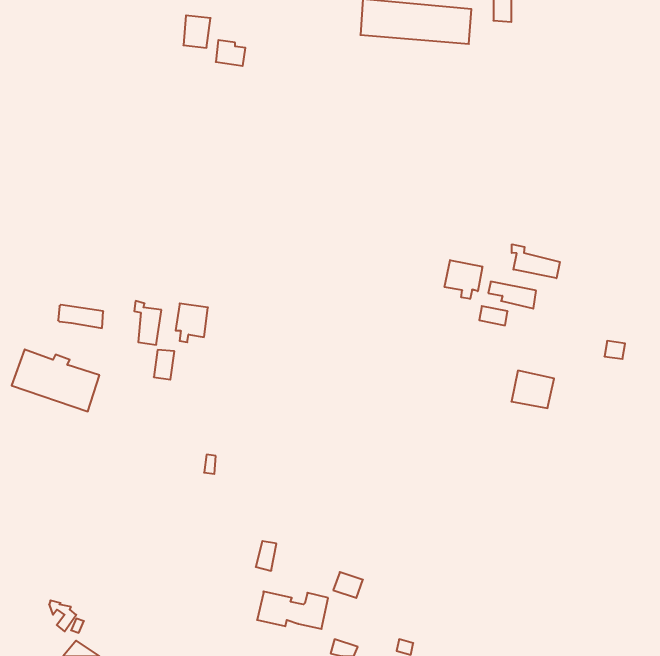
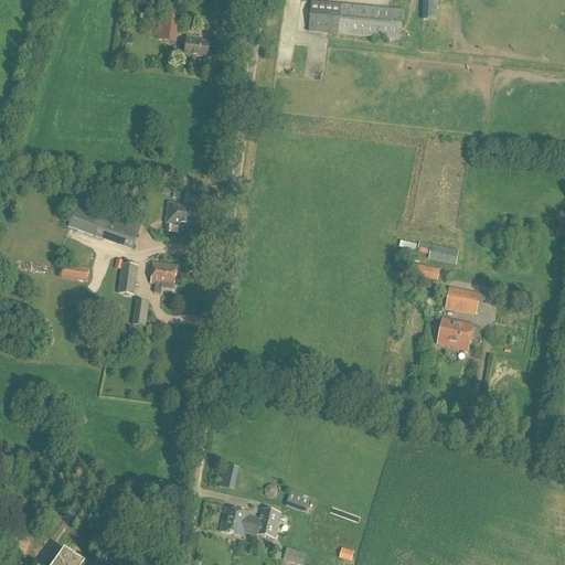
building: none -> [167,202,198,223]
building: [512,244,560,278] -> none
building: [445,260,482,299] -> none
building: none -> [446,286,479,311]
building: [12,349,99,411] -> [67,195,142,248]

